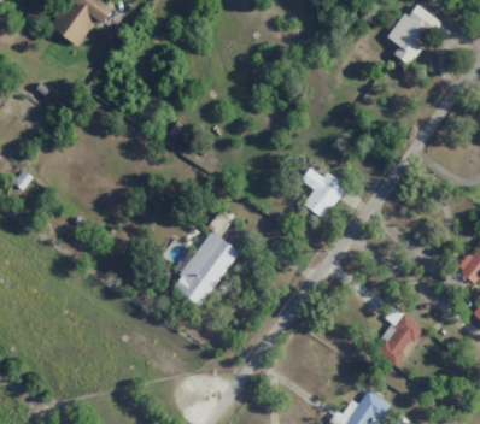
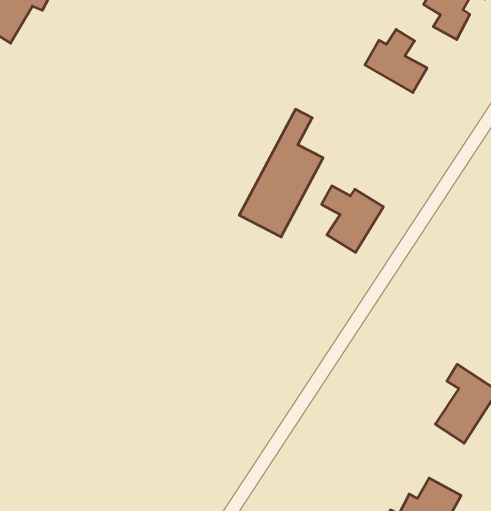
building: none -> [365,29,427,93]
building: [174,212,239,306] -> [239,109,323,237]

